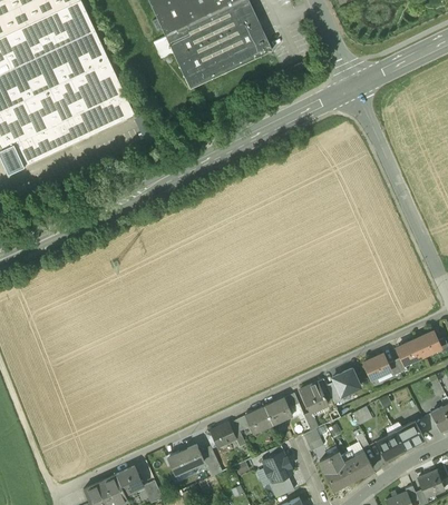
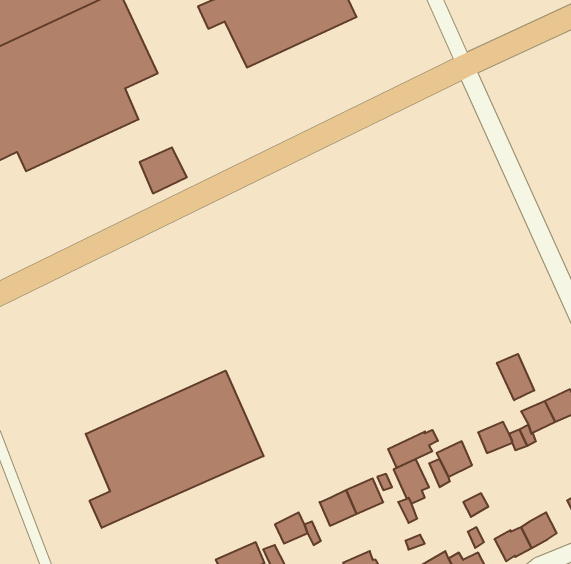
building: [98,92,134,127] -> [140,147,187,193]
building: none -> [497,354,534,400]
building: none -> [86,371,264,528]
building: none -> [388,430,438,468]

